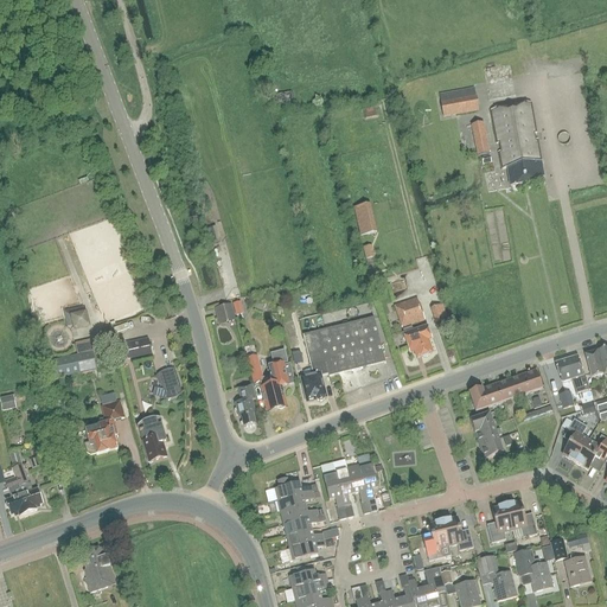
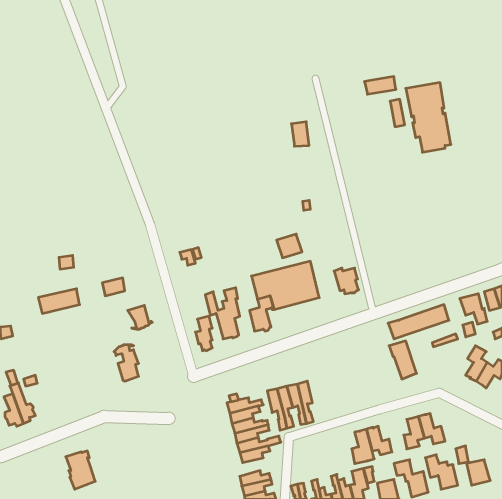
building: [356,200,377,230] -> [291,122,309,146]
building: [394,296,424,325] -> [277,234,302,258]
building: [85,398,124,453] -> none

